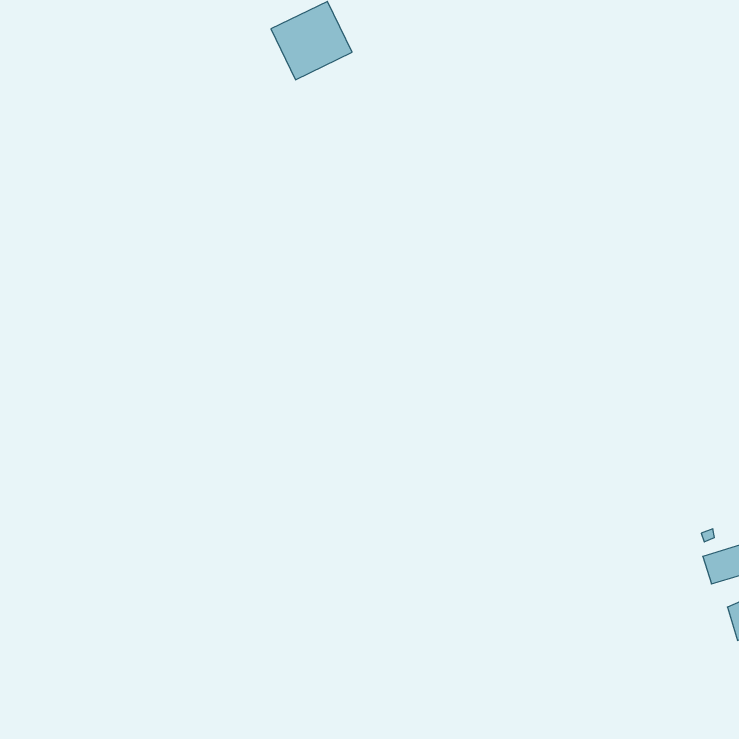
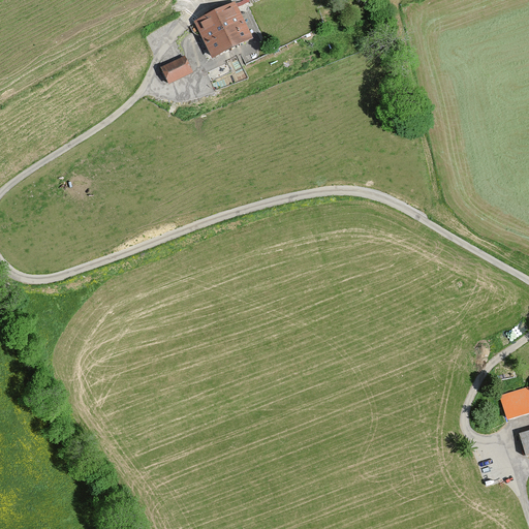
building: none -> [160,55,193,84]

